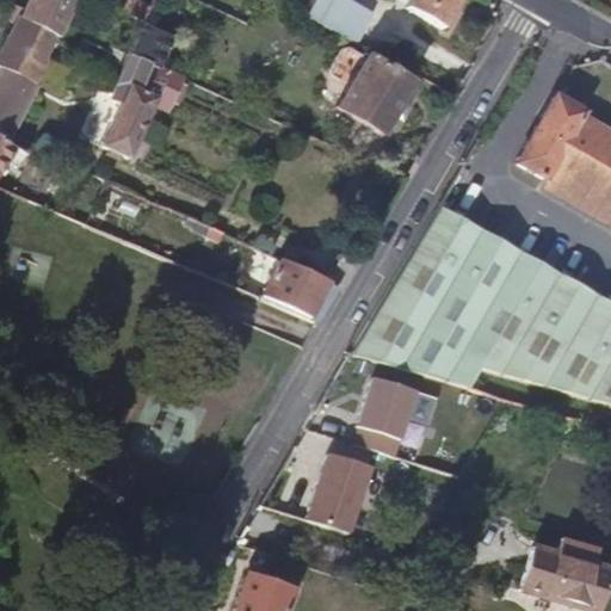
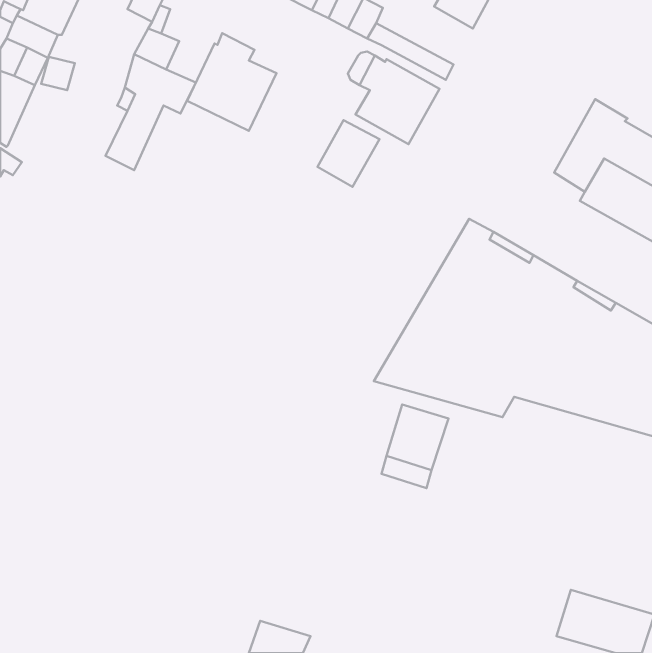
building: none -> [187,33,277,131]
building: none -> [318,120,379,187]
building: [264,259,341,323] -> none
building: [314,450,376,526] -> none

